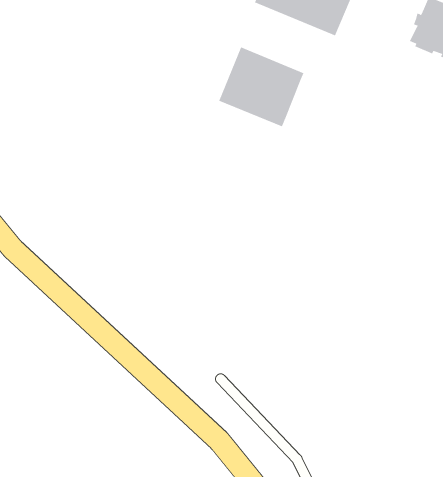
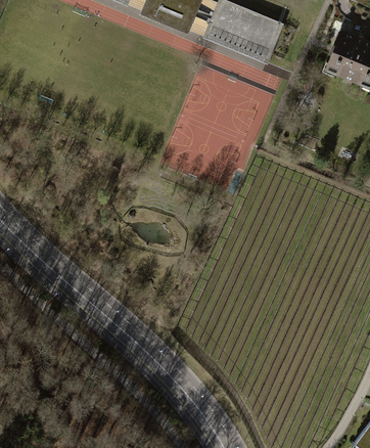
building: [219,47,304,127] -> none

